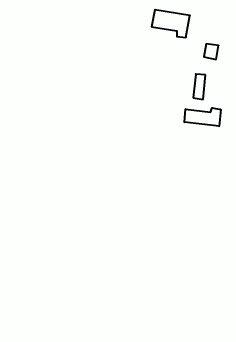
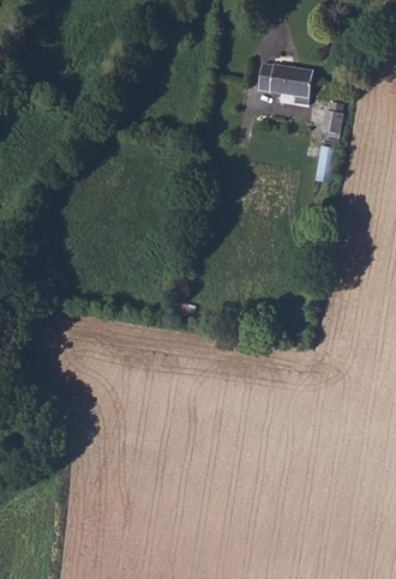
building: [184,108,221,126] -> none

